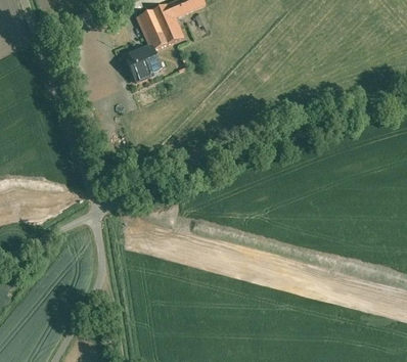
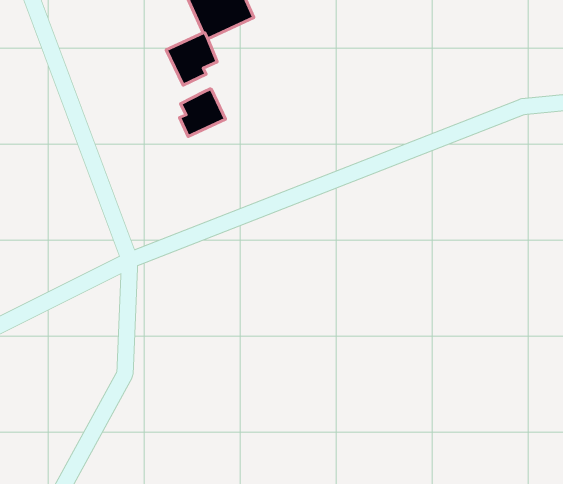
building: none -> [179,89,226,136]

